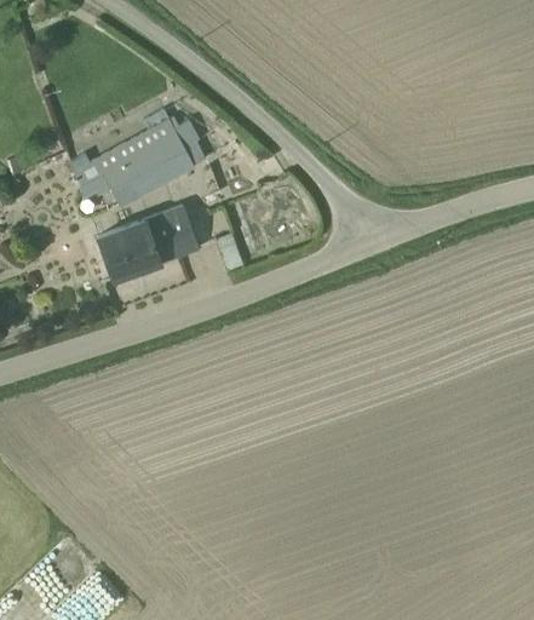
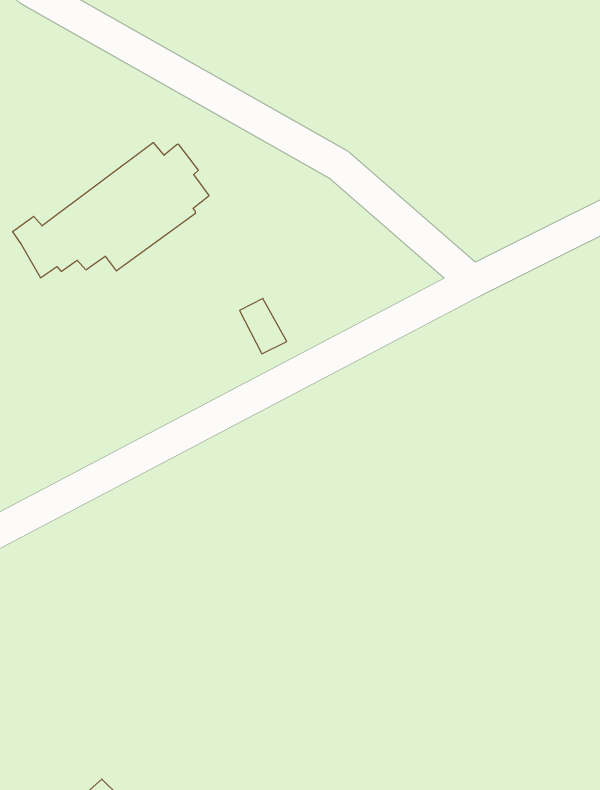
building: [97,206,196,280] -> none

